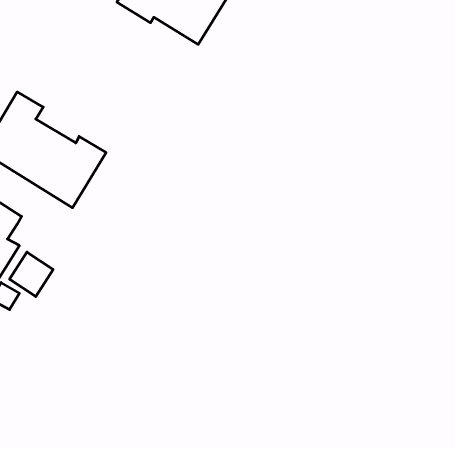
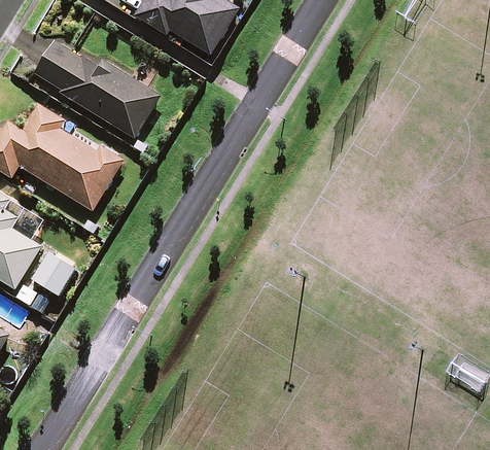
building: none -> [32,34,159,137]

